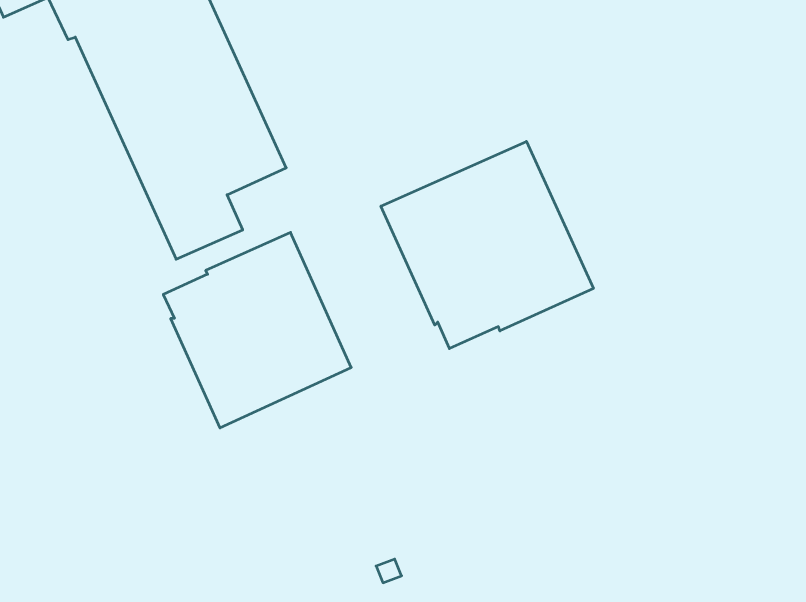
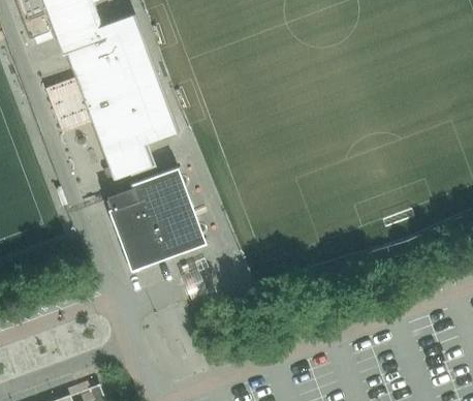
building: [381,141,593,349] -> none

